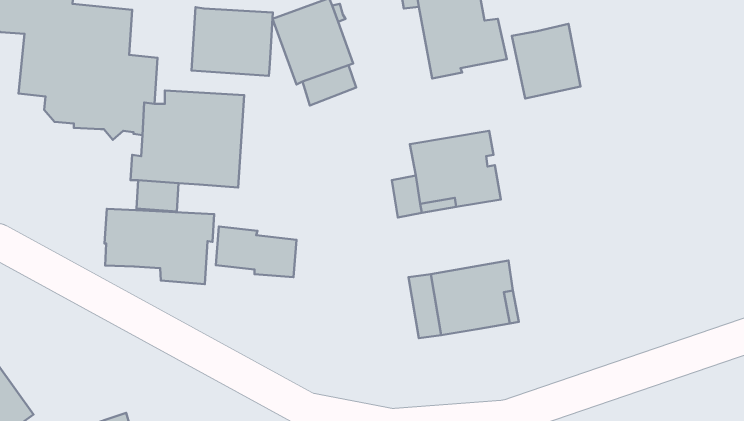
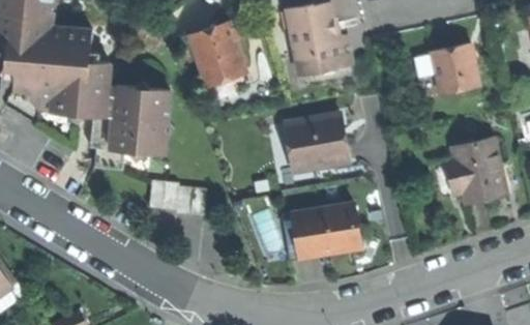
building: [191,7,273,76] -> none
building: [512,24,580,98] -> [432,42,479,94]
building: none -> [452,138,506,203]
building: [105,209,214,284] -> none

